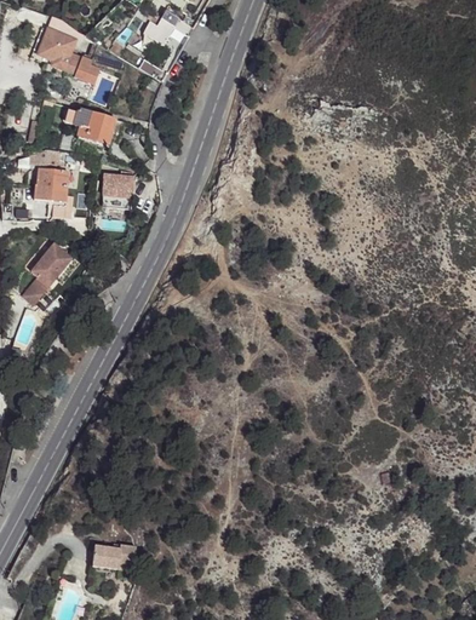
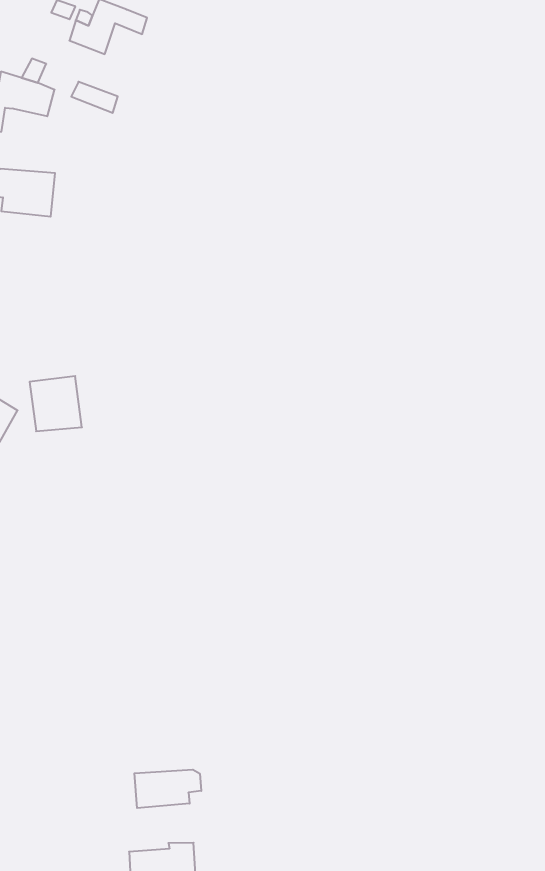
building: [103,174,133,208] -> [30,376,82,431]
building: none -> [134,770,201,808]

